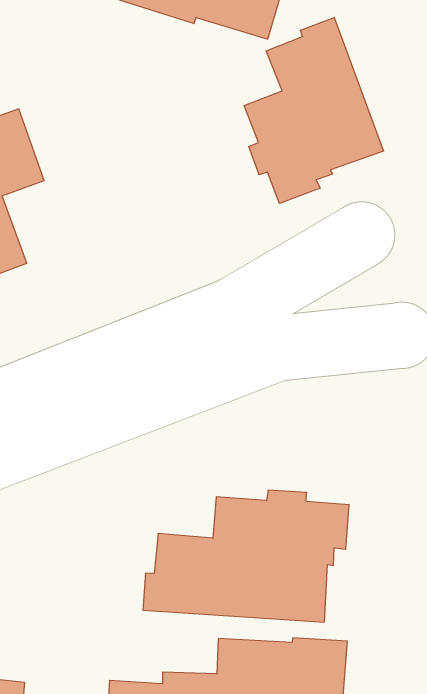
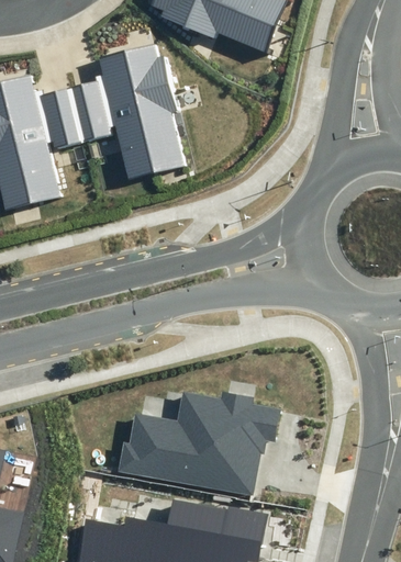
building: [244,17,383,203] -> none
building: none -> [73,44,186,179]

